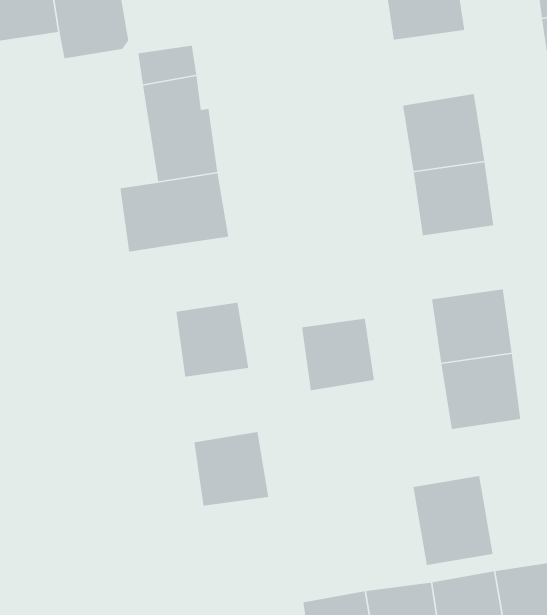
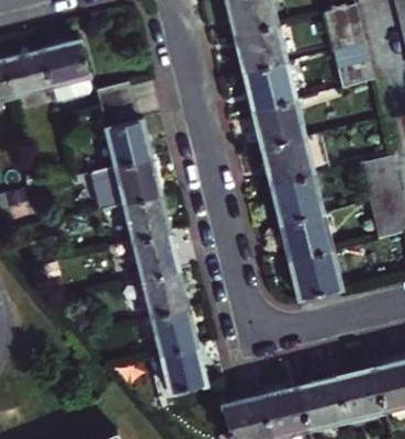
building: none -> [246,64,296,111]
building: none -> [273,177,324,223]
building: none -> [124,198,169,244]
building: [301,318,375,391] -> [142,273,188,319]
building: [412,475,494,566] -> none
building: none -> [159,348,206,397]

